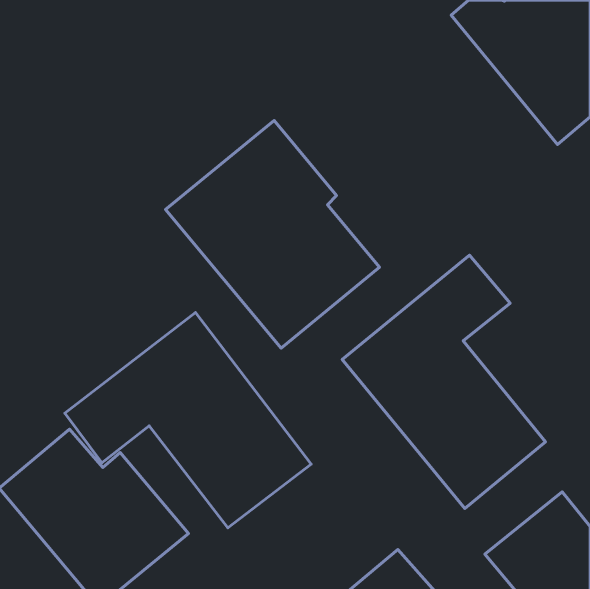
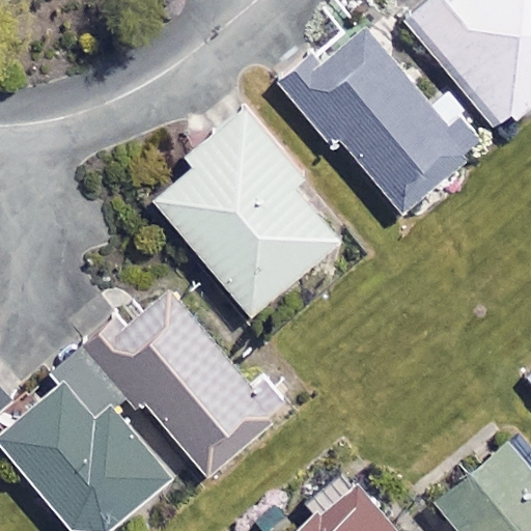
building: none -> [290,28,473,216]
building: [342,255,546,508] -> none

